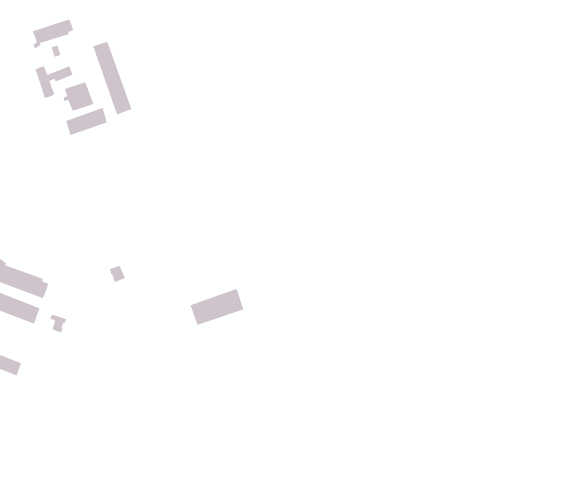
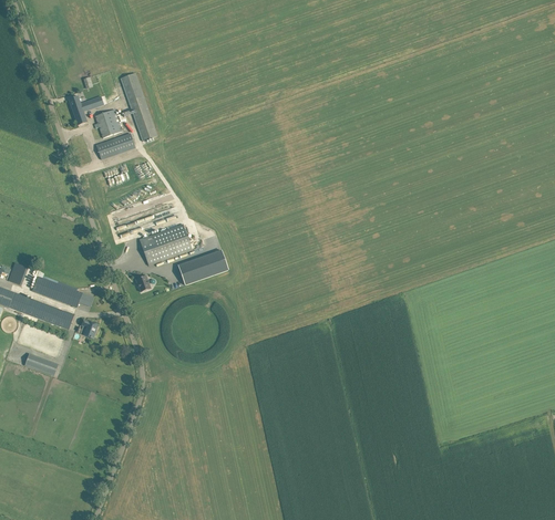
building: [32,18,74,49] -> none
building: none -> [138,223,192,266]
building: [190,288,245,326] -> [177,250,227,284]

